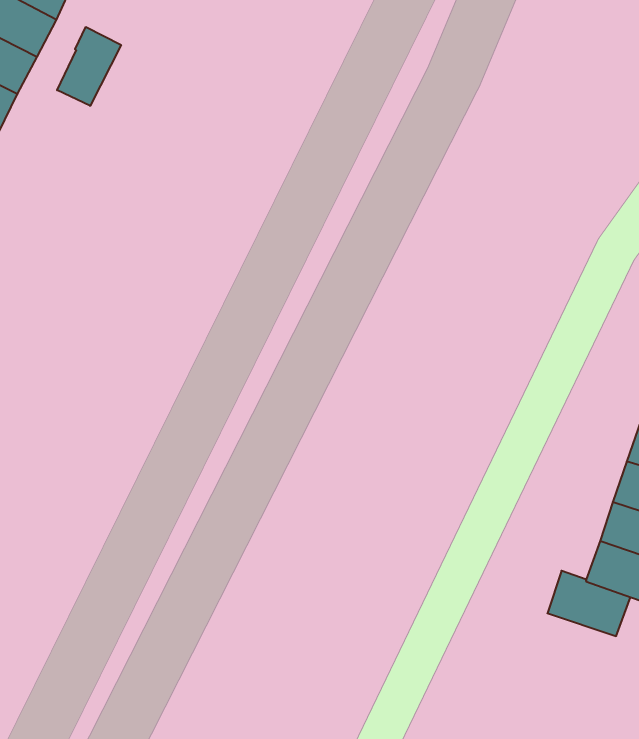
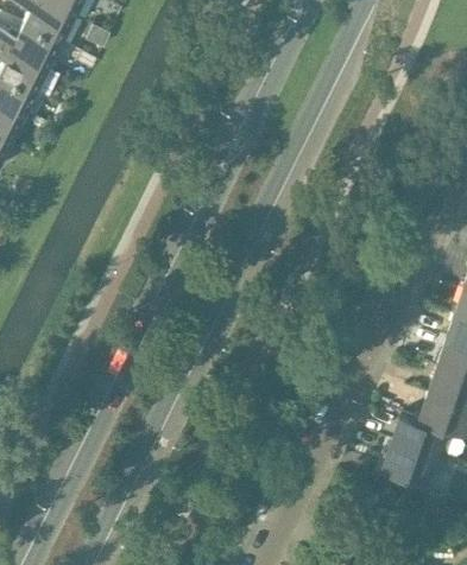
building: [57,27,121,106] -> none
building: none -> [383,440,438,484]

